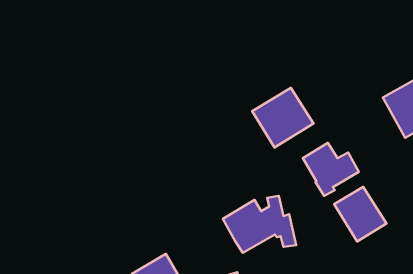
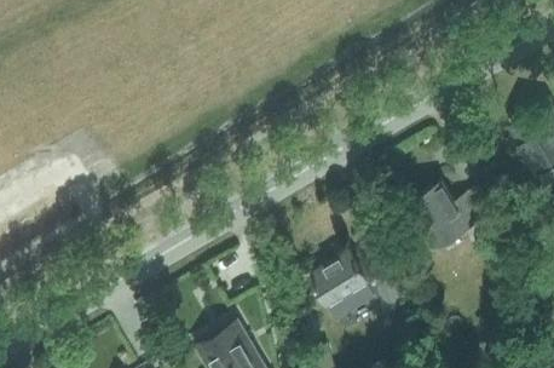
building: [252,88,314,148] -> none
building: [334,187,387,242] -> none

